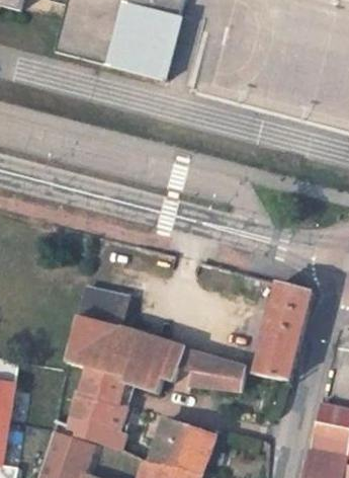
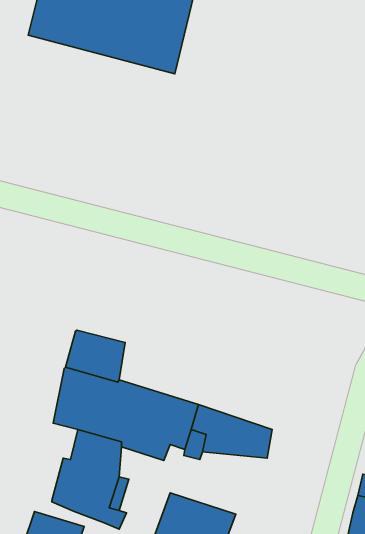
building: [257,283,313,381] -> none

